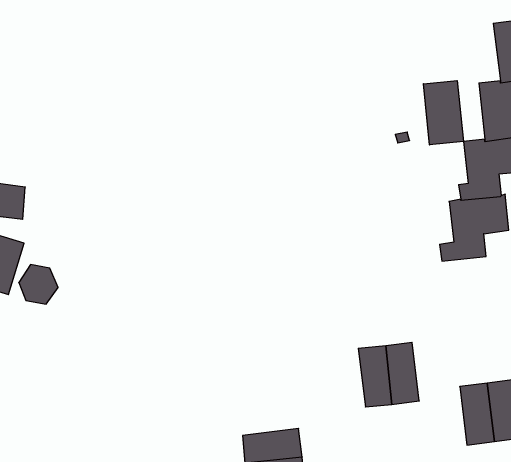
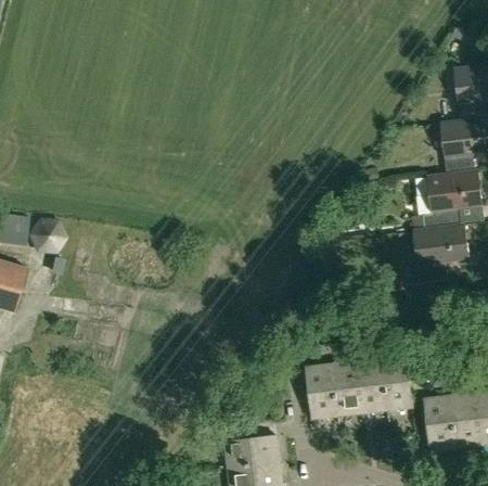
building: [423,81,463,145] -> none
building: [19,265,58,304] -> [29,217,65,253]
building: none -> [380,354,411,410]
building: none -> [305,362,337,419]

